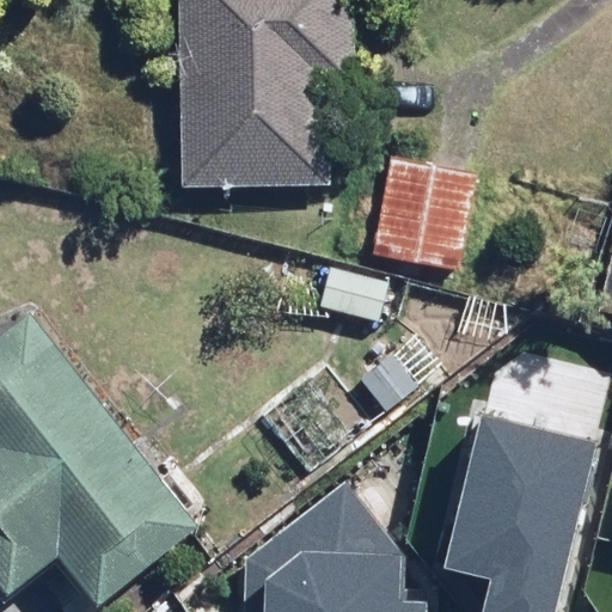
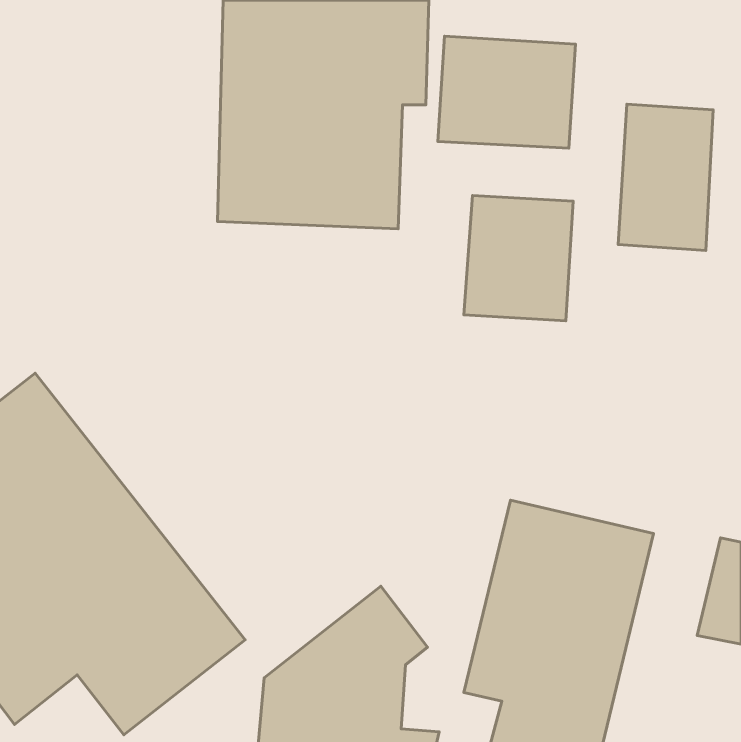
building: none -> [438,36,576,148]
building: none -> [618,104,713,250]

